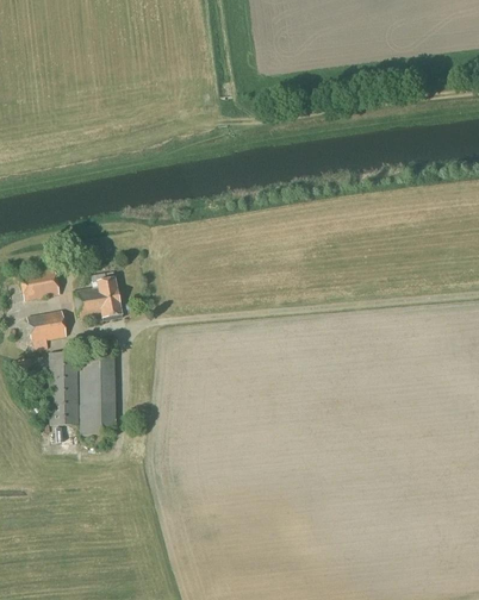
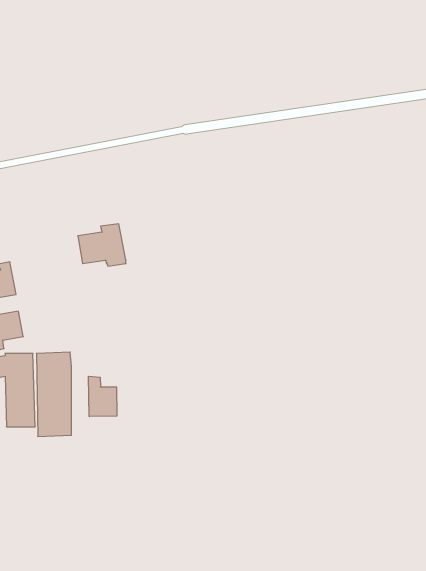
building: [75,277,123,319] -> [78,224,126,266]
building: none -> [89,376,117,417]

